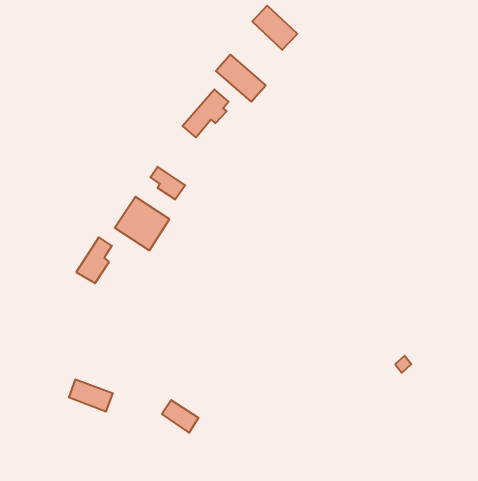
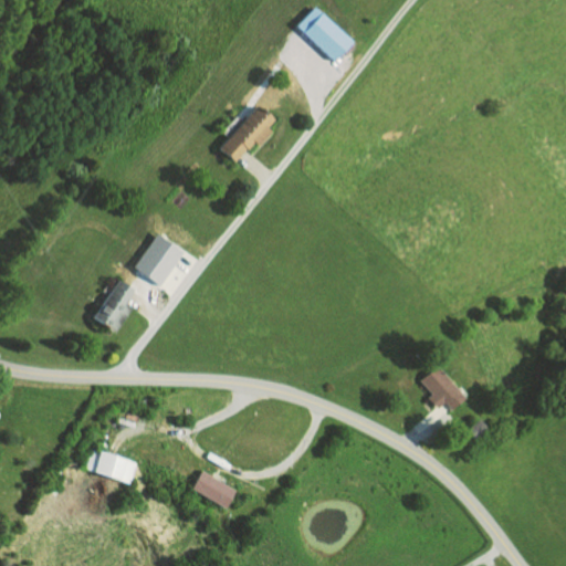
building: [216,55,266,102] -> none
building: [150,167,185,200] -> none
building: none -> [417,367,460,410]

